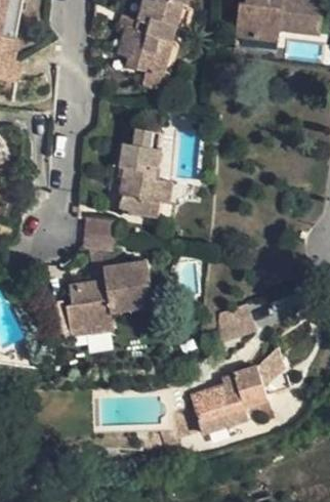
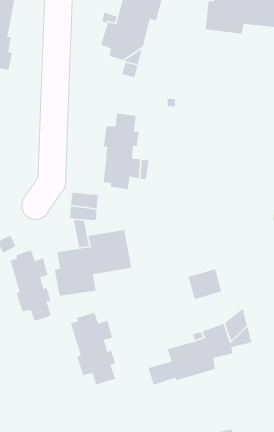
building: none -> [10,249,52,322]
building: none -> [70,311,116,385]

